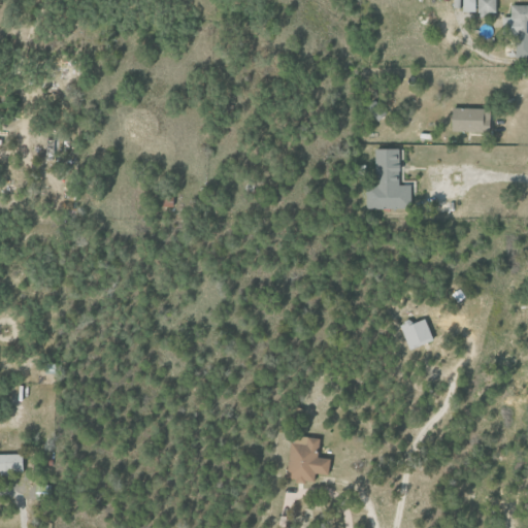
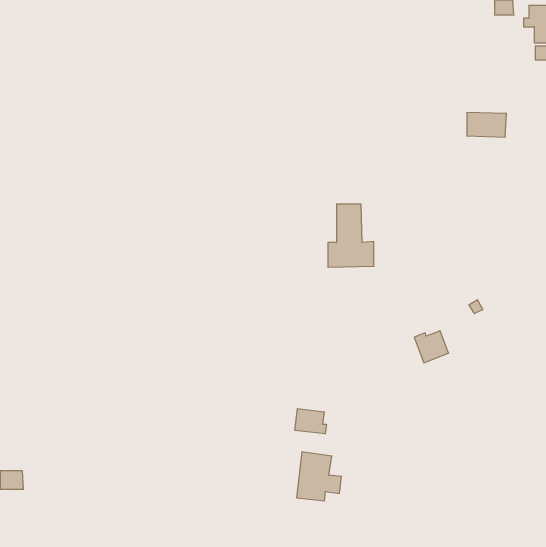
building: [367,148,411,209] -> [328,204,374,267]
building: none -> [295,409,326,434]

